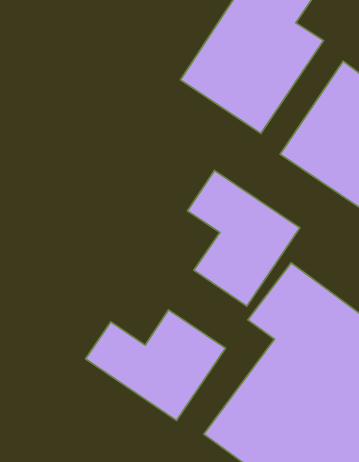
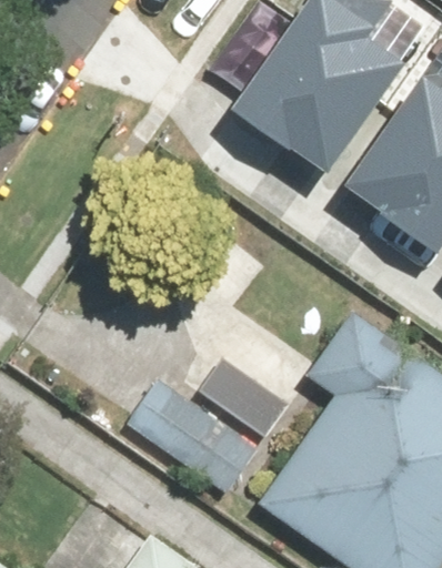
building: [187,170,300,306] -> none

